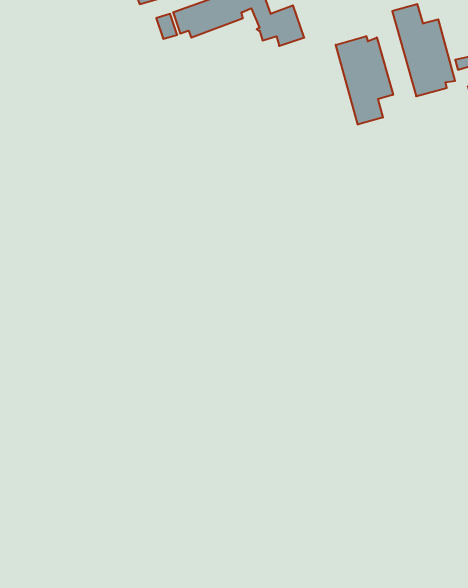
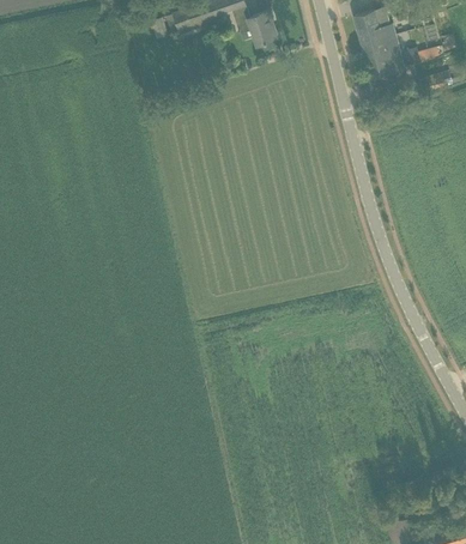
building: [336,36,393,125] -> none

